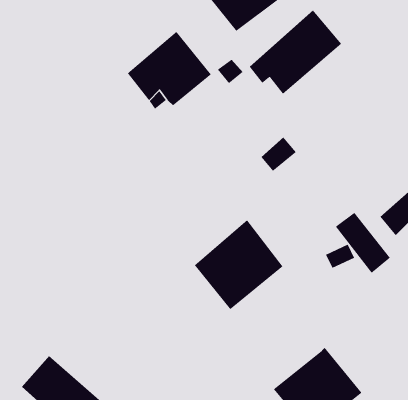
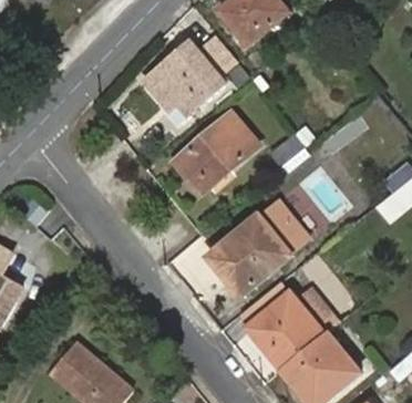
building: [249,10,342,95] -> [169,114,255,192]
building: [335,212,391,274] -> [255,198,306,255]
building: none -> [246,290,322,366]

